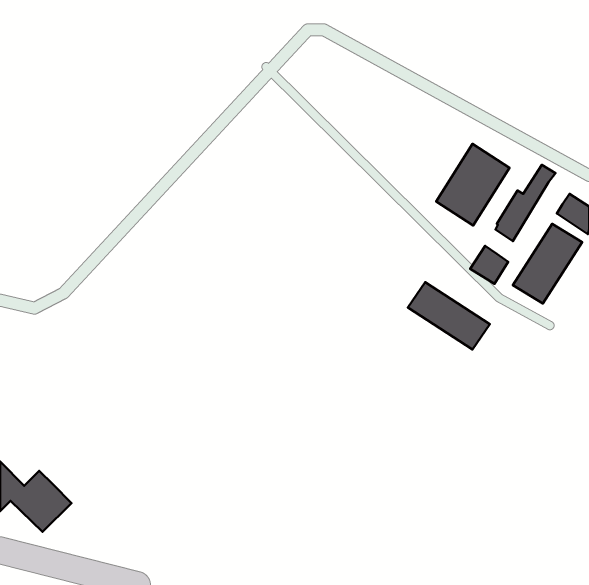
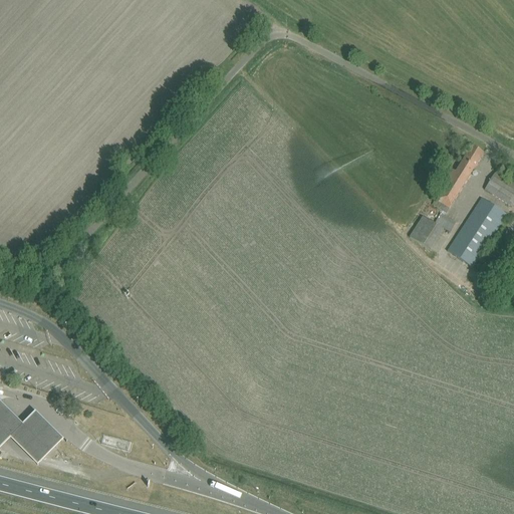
building: [436,144,509,226] -> none
building: [408,282,490,350] -> none

